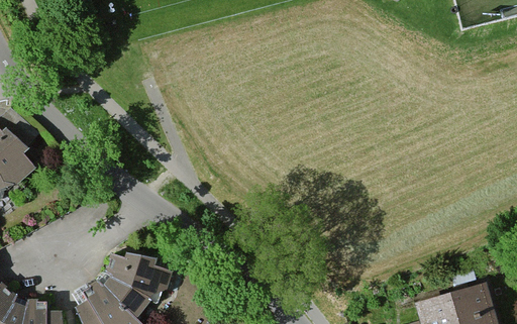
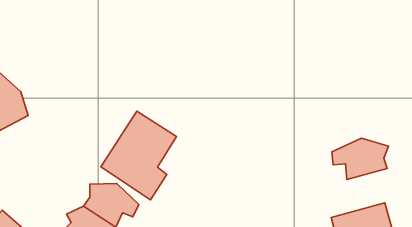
building: none -> [101,111,176,200]
building: none -> [332,138,388,179]

